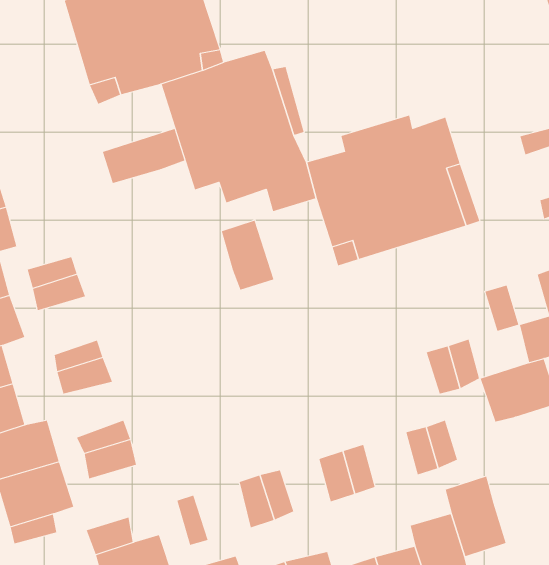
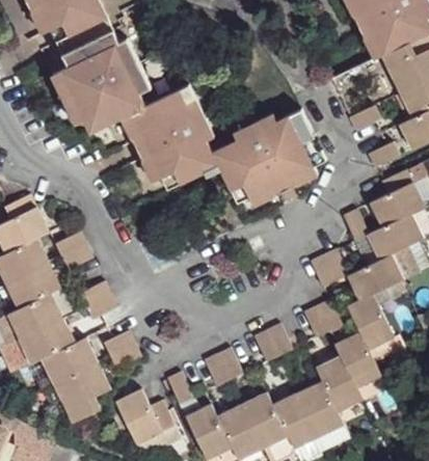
building: [102,128,185,184] -> none
building: [221,220,274,291] -> none
building: none -> [347,293,394,349]

